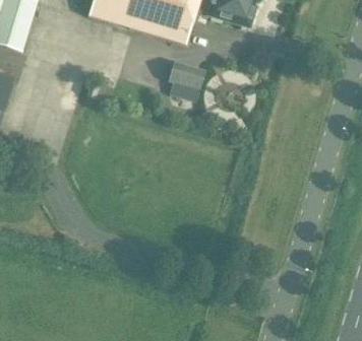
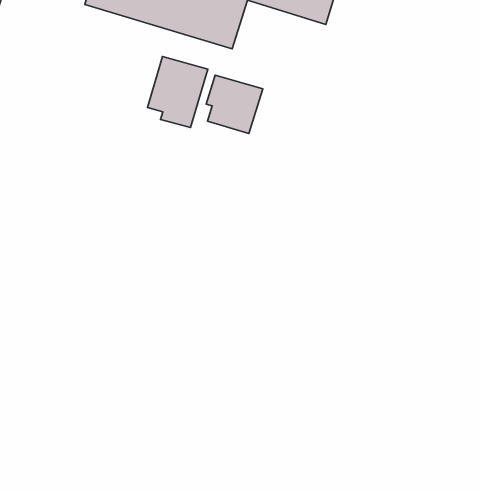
building: none -> [147,56,208,128]

